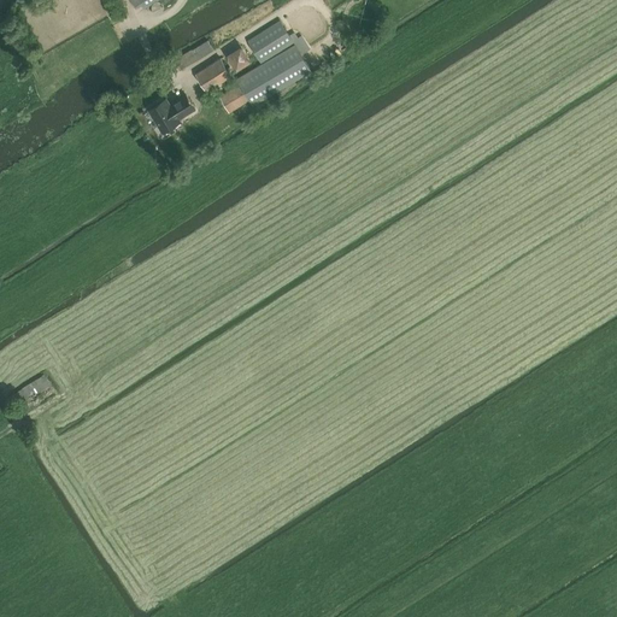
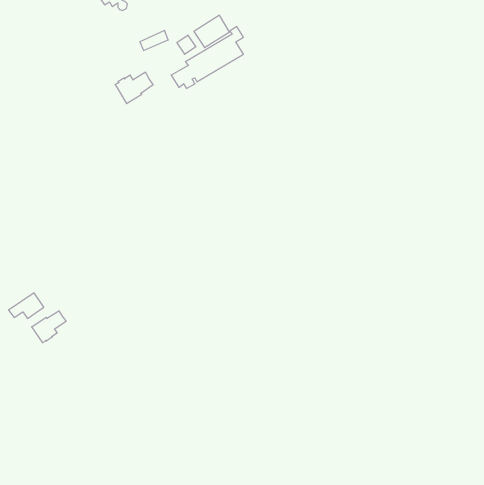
building: [194,57,229,90] -> none
building: none -> [32,311,66,343]

